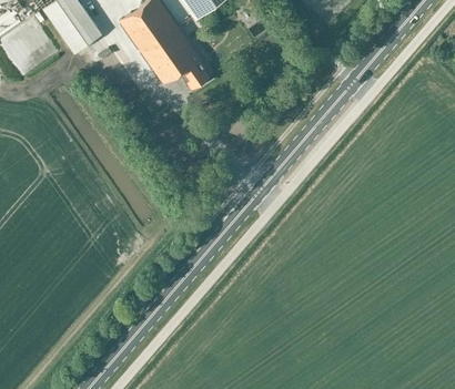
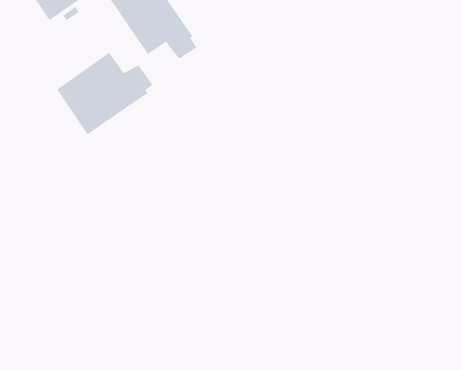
building: none -> [56,52,153,135]

